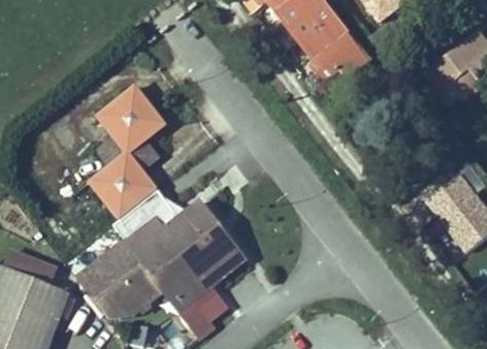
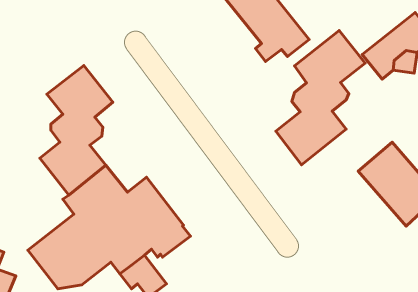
building: none -> [276,30,365,165]

